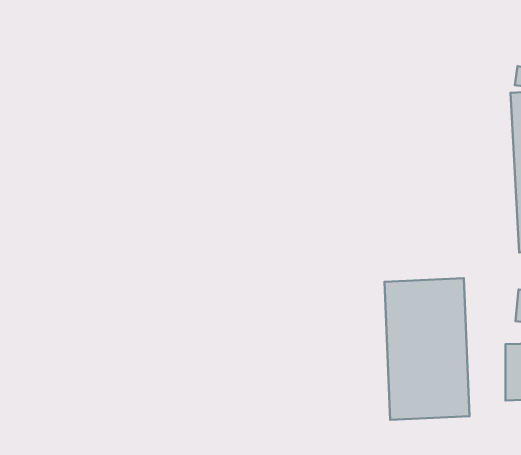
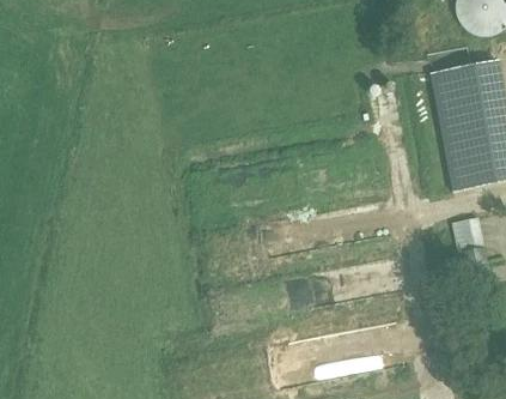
building: [384,278,470,420] -> none

